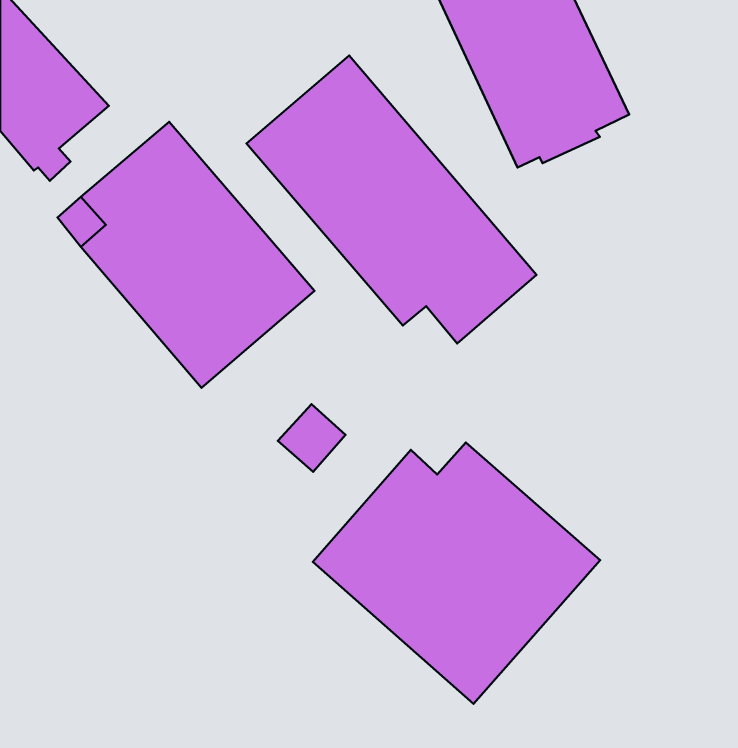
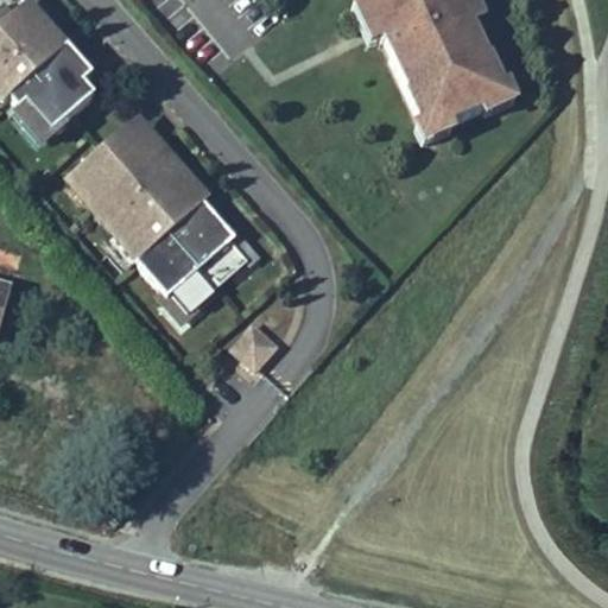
building: [247,56,537,344] -> none
building: [313,443,600,704] -> none

